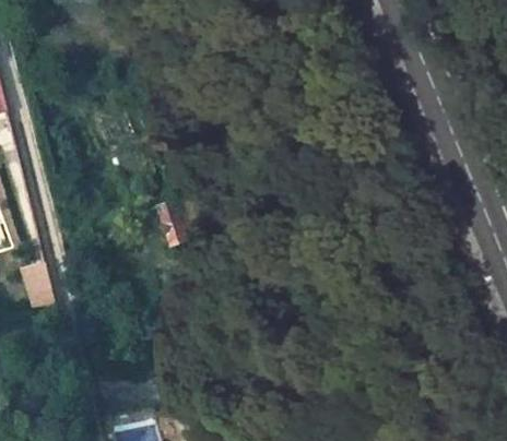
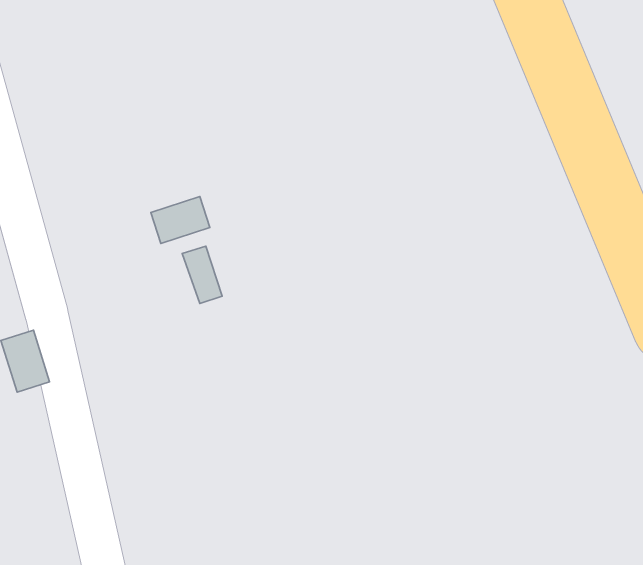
building: none -> [151,196,210,244]

